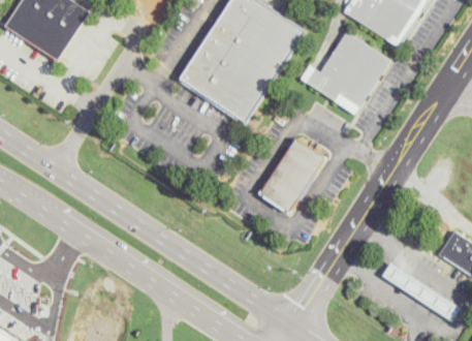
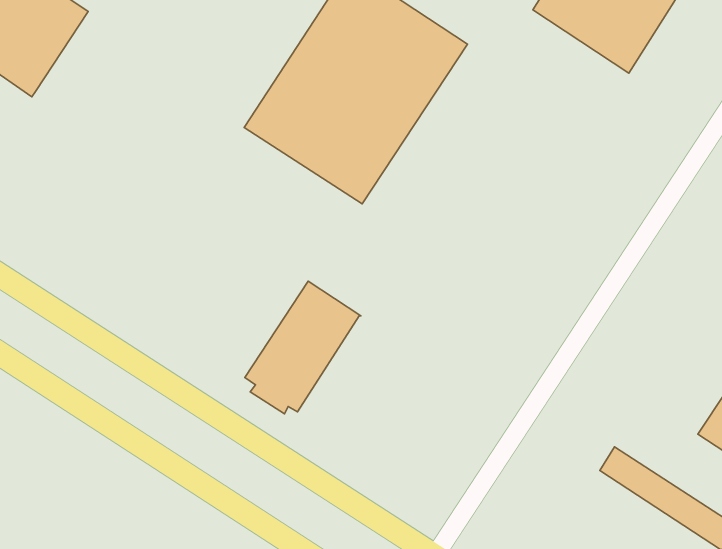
building: [300,31,389,114] -> none
building: [259,138,325,214] -> [245,281,361,414]

